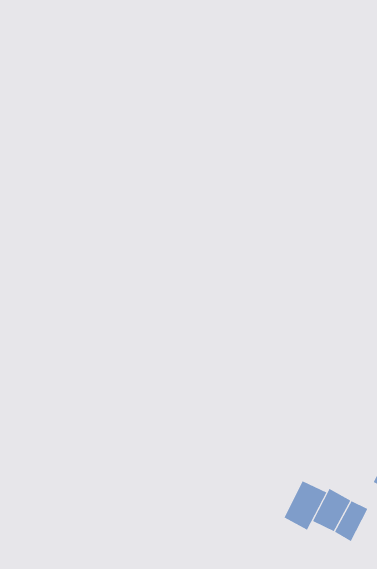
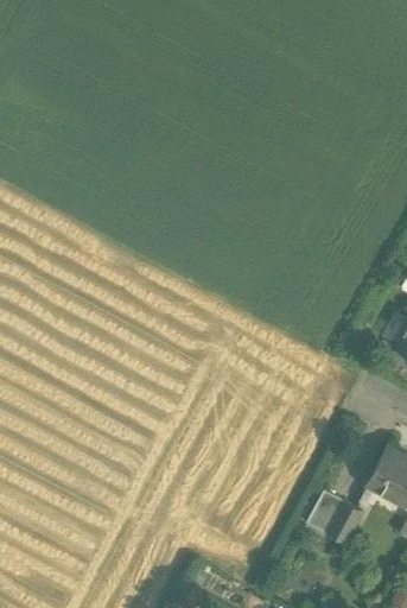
building: [284,481,327,530] -> none

